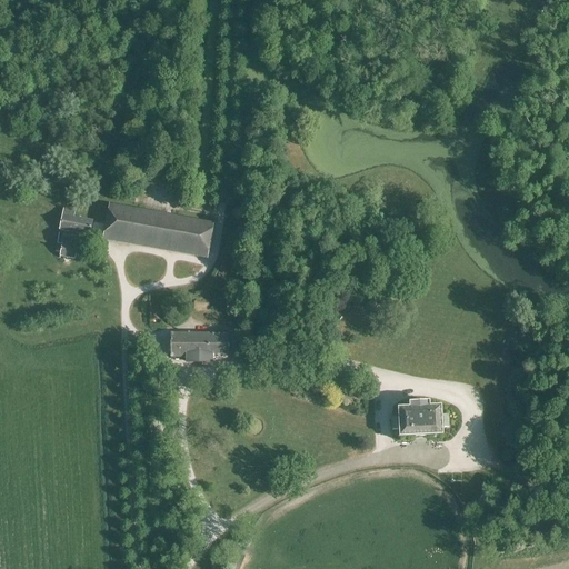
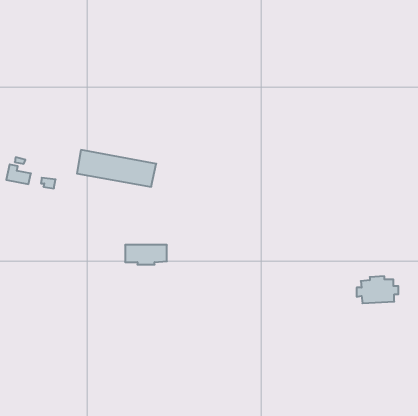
building: [59,206,92,232] -> [6,164,31,184]
building: [391,400,448,437] -> [357,276,398,303]

